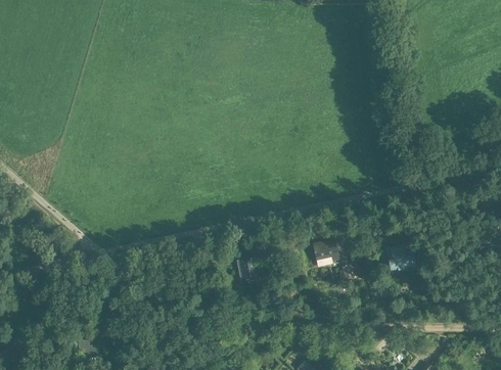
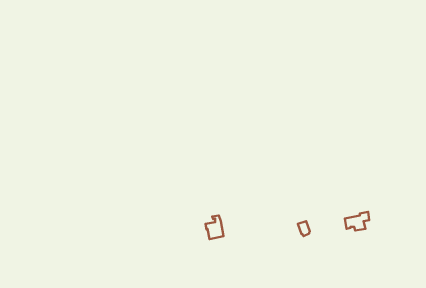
building: [317,238,341,261] -> none

